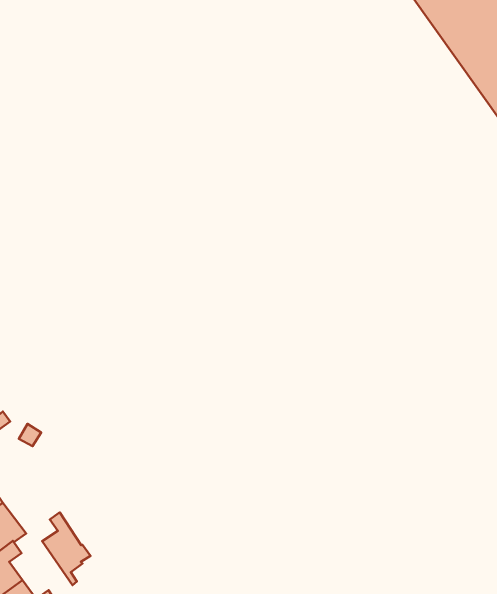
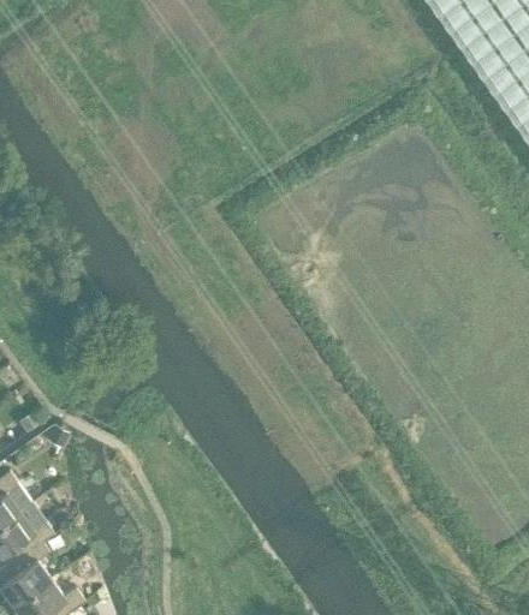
building: [42,513,90,585] -> none

